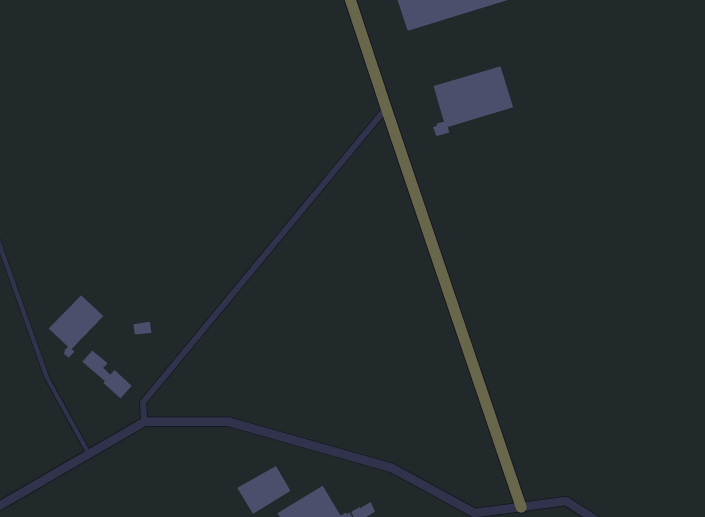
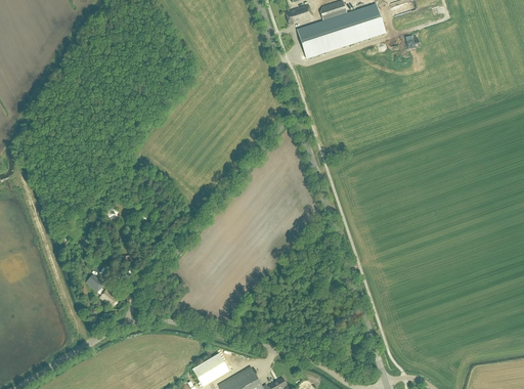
building: [432,66,514,137] -> none
building: [48,295,104,358] -> none

